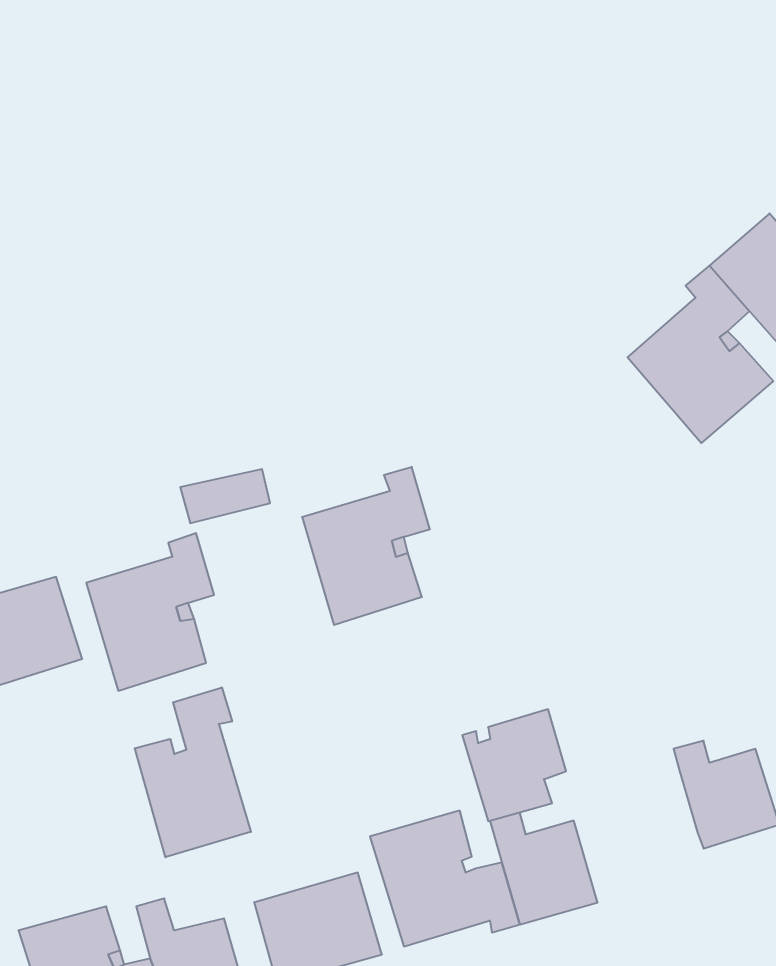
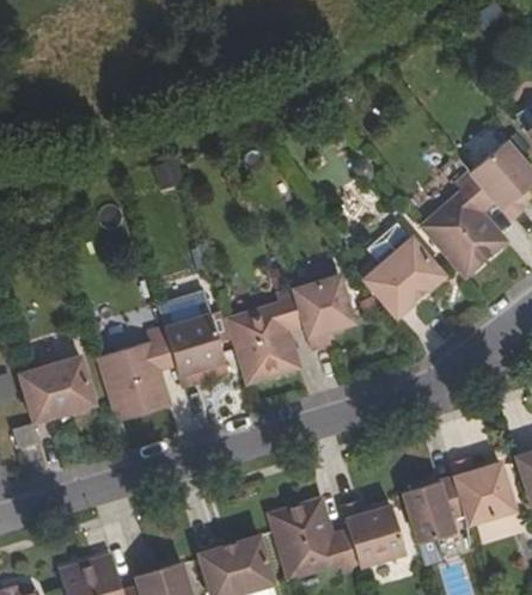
building: none -> [356,237,445,317]
building: none -> [293,278,354,354]
building: none -> [164,318,225,393]
building: [135,687,251,857] -> none
building: [462,709,566,821] -> [402,473,464,540]

